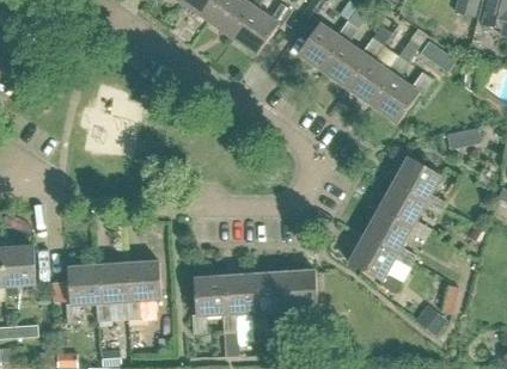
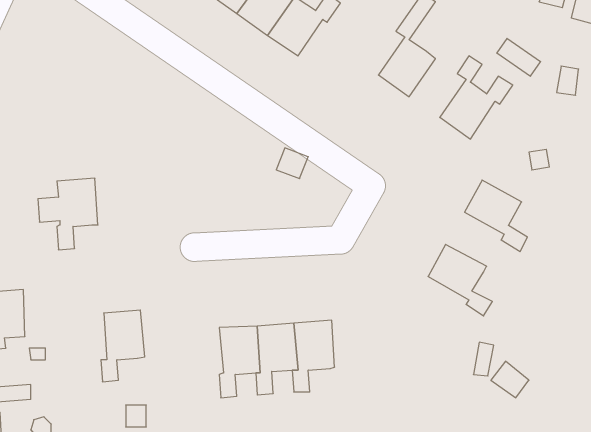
building: [298,20,344,69] -> none
building: [348,24,395,104] -> none
building: [378,182,430,239] -> none
building: [348,234,402,291] -> none
building: [126,259,161,318] -> none
building: [51,264,100,322] -> [38,178,98,250]
building: [283,267,318,327] -> none

